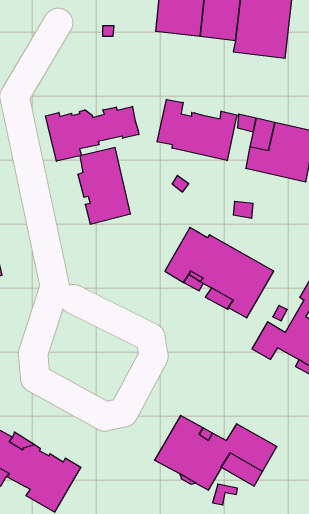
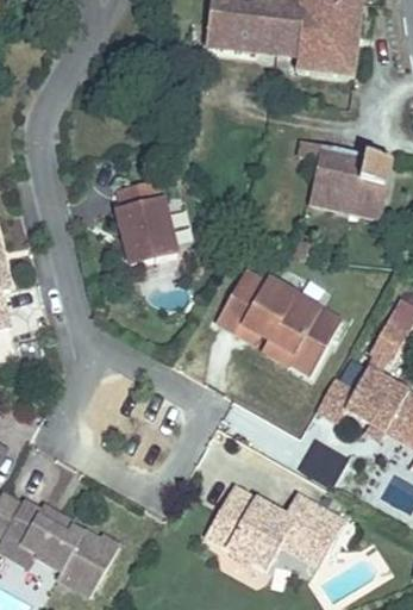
building: [157,99,237,161] -> none
building: [45,106,139,161] -> none

